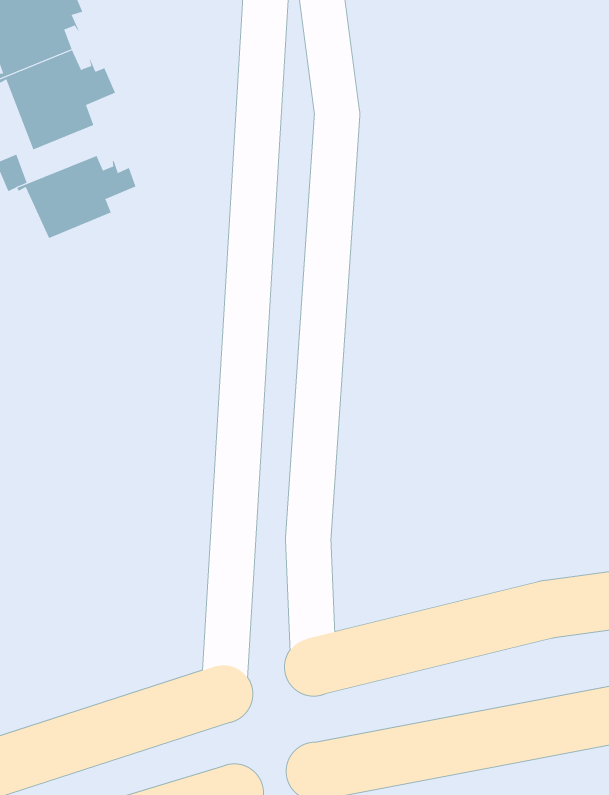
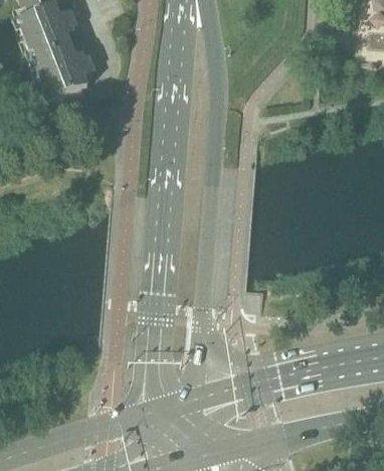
building: [17,155,136,239] -> none

